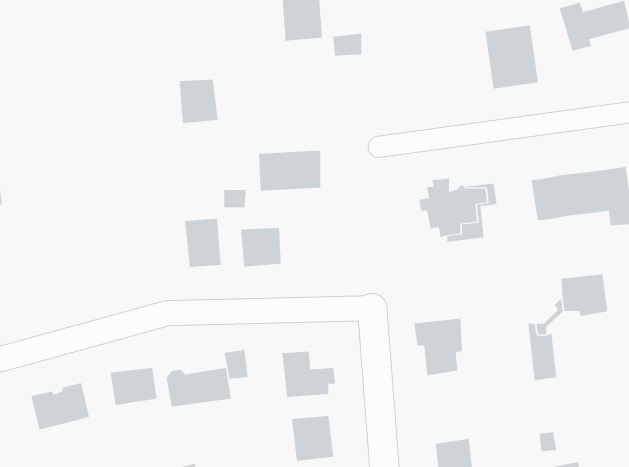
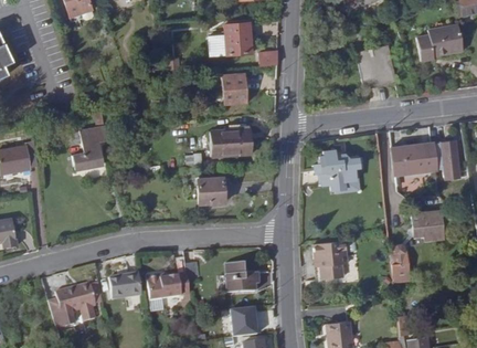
building: [179,79,218,124] -> [221,73,247,103]
building: none -> [73,124,108,168]
building: [184,218,221,268] -> none

